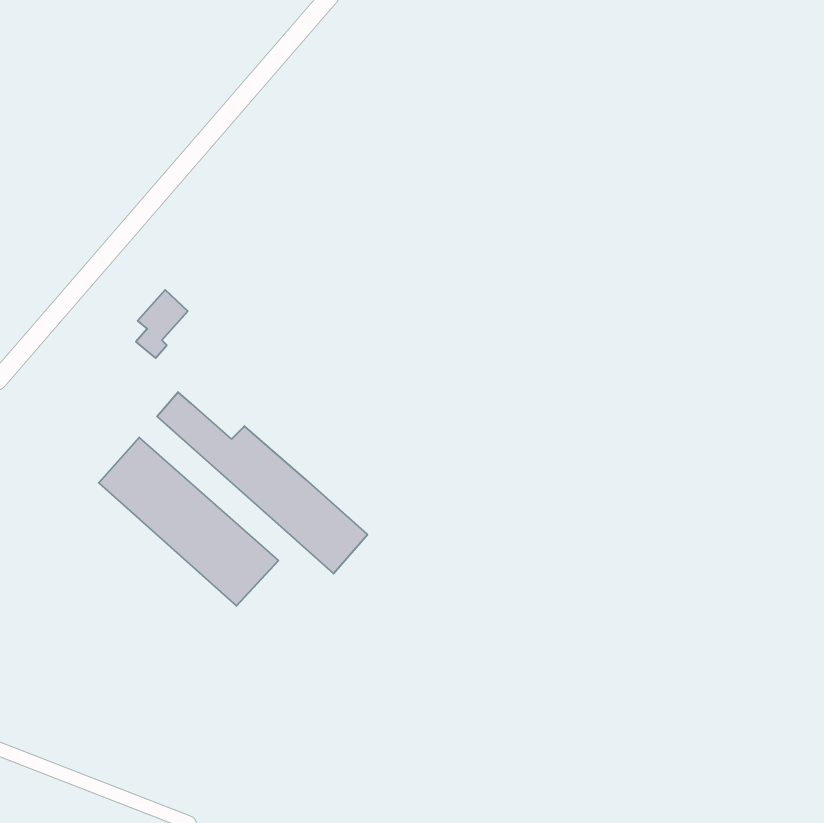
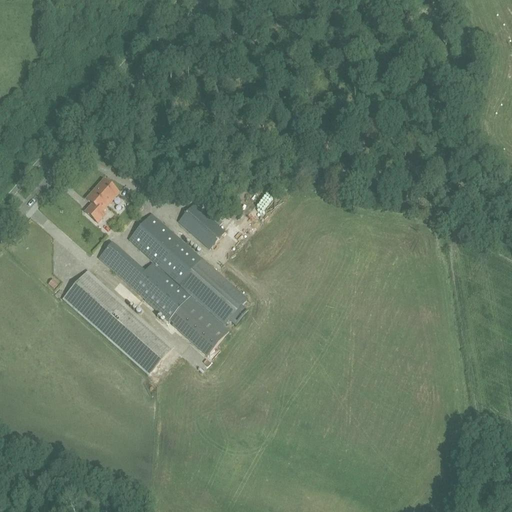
building: none -> [178,204,223,248]
building: none -> [128,213,246,325]

